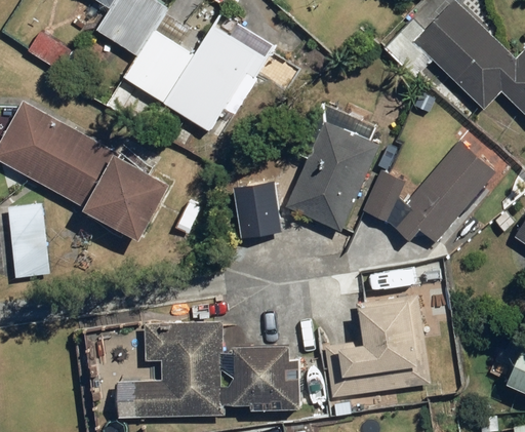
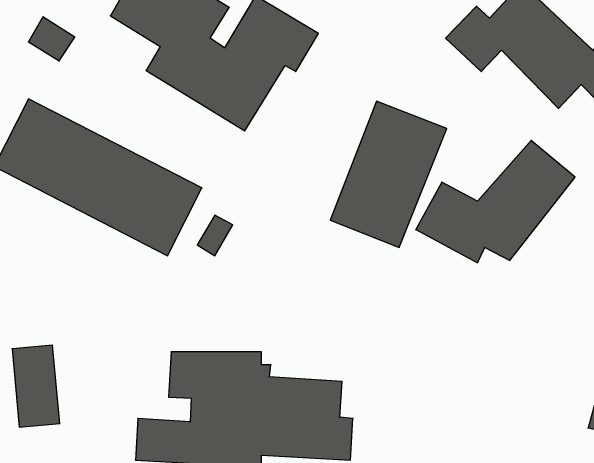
building: [232,184,279,238] -> none
building: [7,206,48,277] -> [12,345,60,427]
building: [325,294,433,399] -> none

